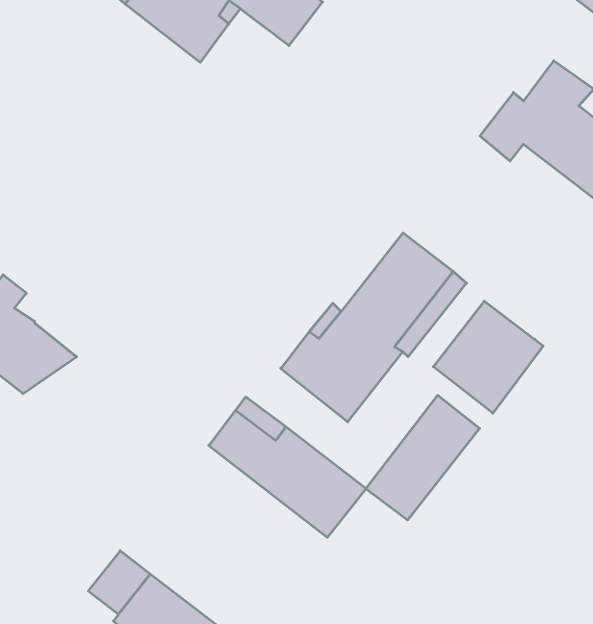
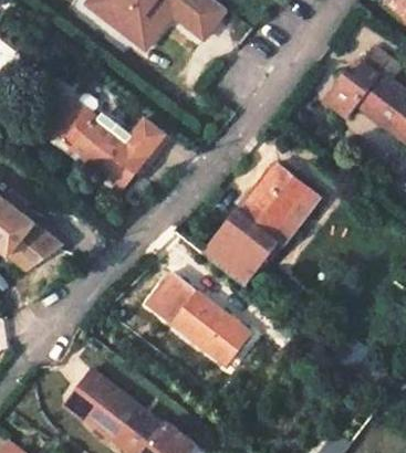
building: none -> [46,92,173,189]
building: [433,301,543,413] -> none
building: [366,395,480,520] -> none

